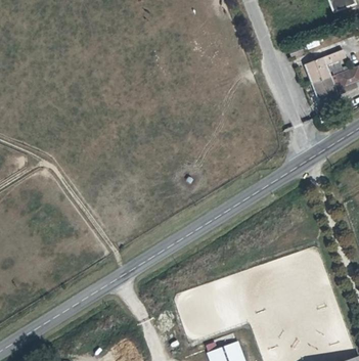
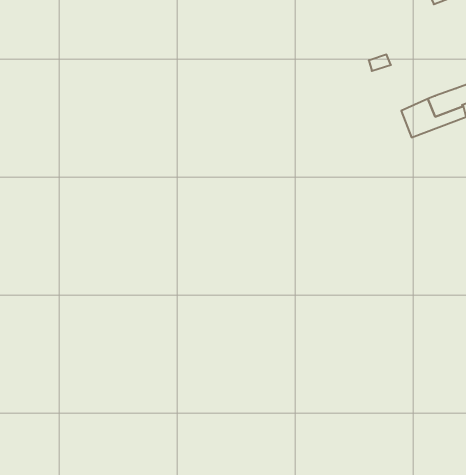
building: [305,49,346,83] -> none

